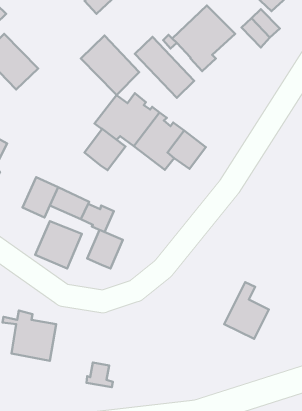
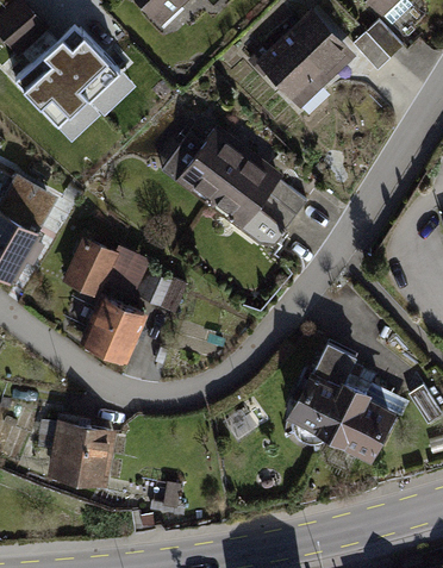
building: [81,36,139,95] -> [44,25,120,102]
building: [135,37,194,98] -> none
building: [84,129,125,170] -> none
building: [87,230,123,269] -> none
building: none -> [293,343,358,439]

